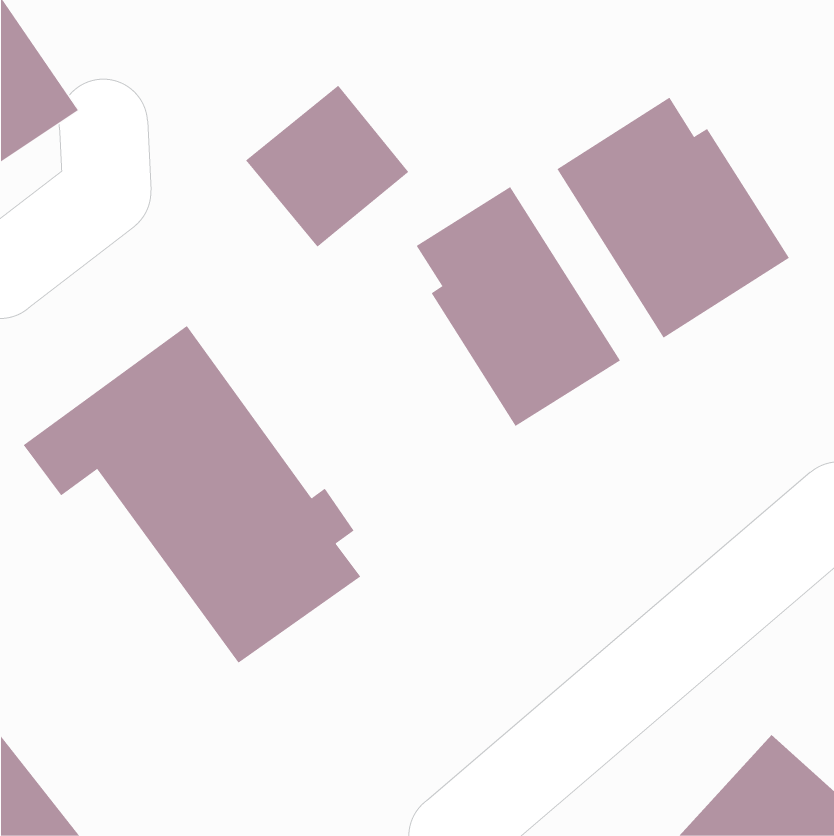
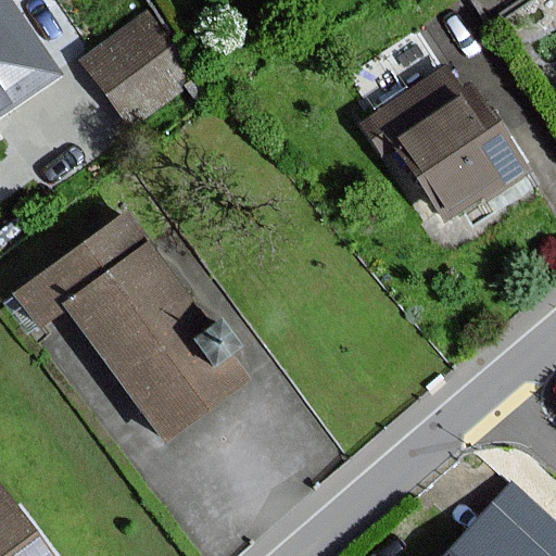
building: [245,85,409,248] -> [85,13,193,121]
building: [416,186,621,427] -> none

